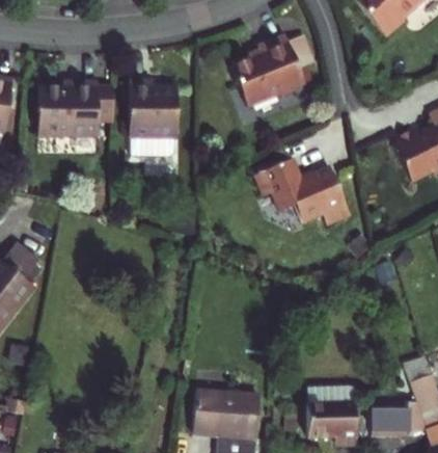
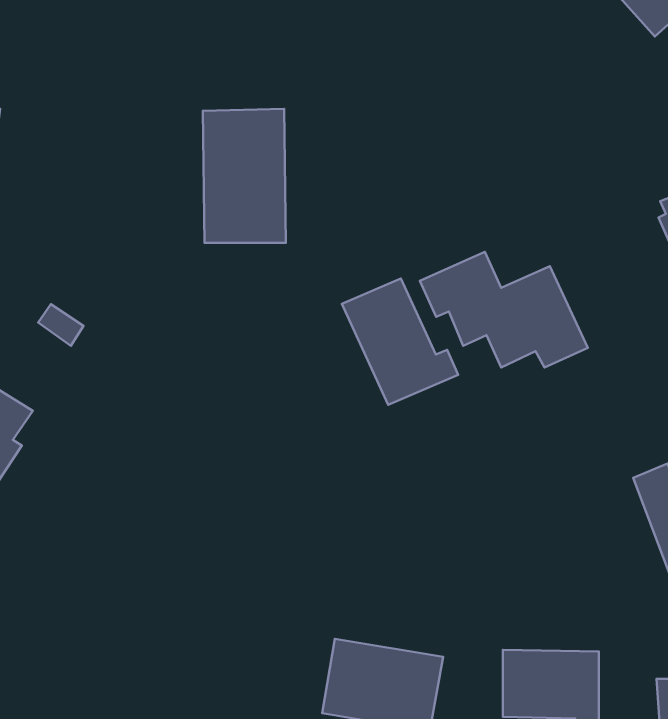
building: [229,34,307,107] -> none
building: [37,79,111,138] -> none
building: none -> [342,278,458,405]

